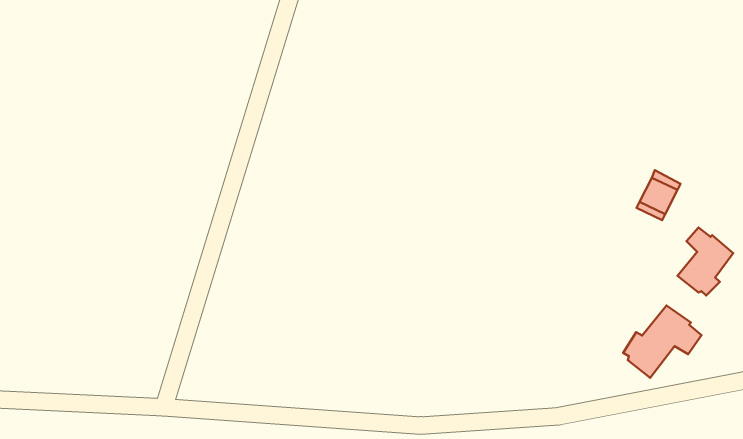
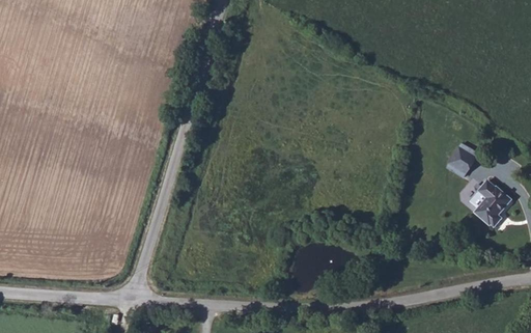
building: [623,306,702,378] -> none

